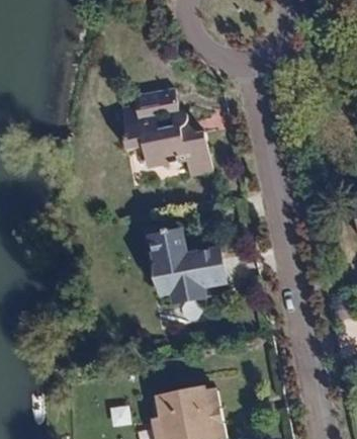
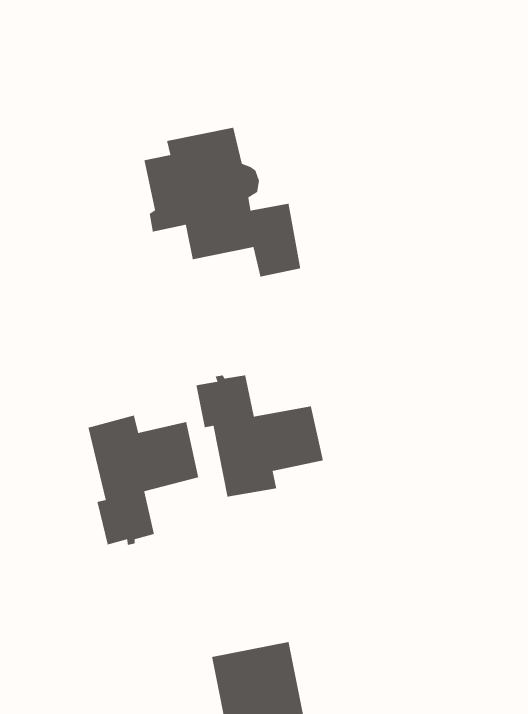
building: none -> [87,414,199,546]

